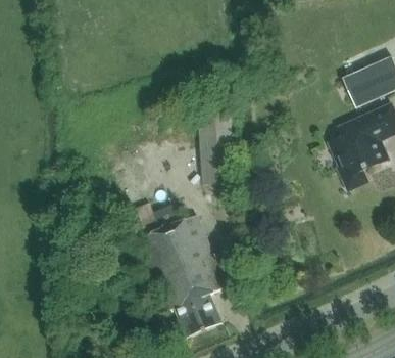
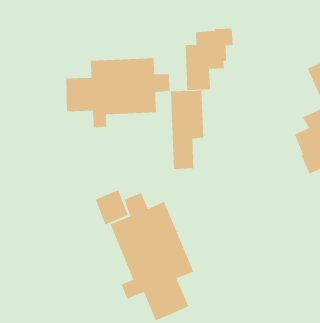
building: none -> [185,28,233,91]
building: none -> [66,58,170,128]

